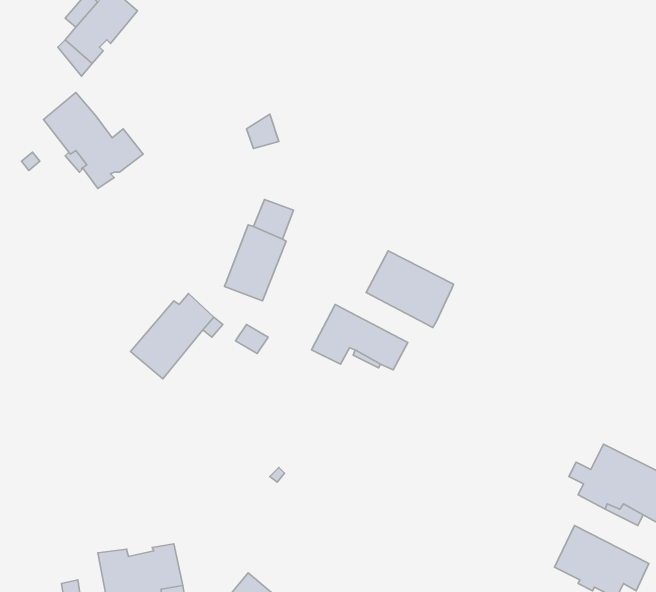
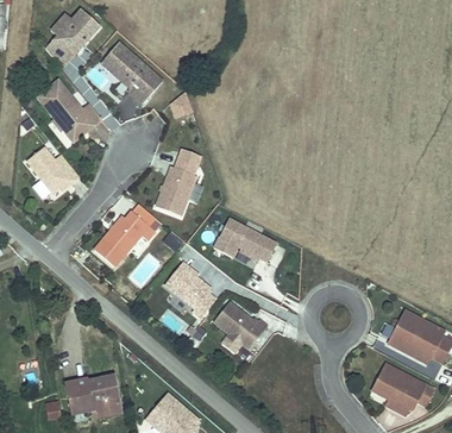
building: none -> [101,42,163,102]
building: none -> [26,146,79,193]
building: [366,251,453,328] -> none
building: none -> [164,262,215,318]
building: none -> [214,301,266,352]

